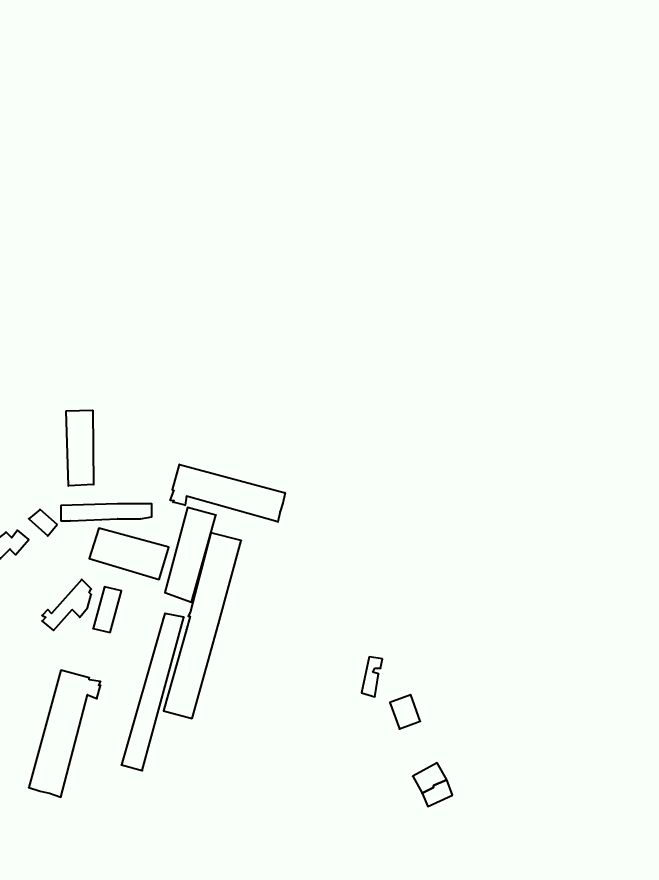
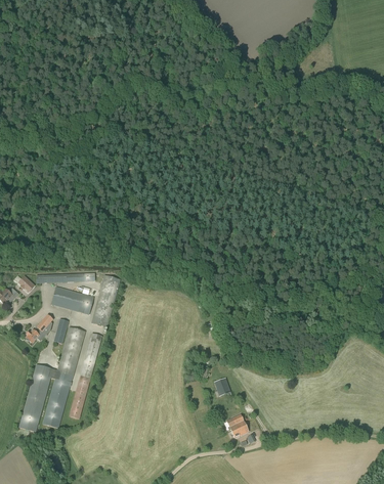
building: [66,410,94,486] -> none
building: [170,464,285,522] -> none
building: [164,533,241,718] -> [43,326,85,427]

